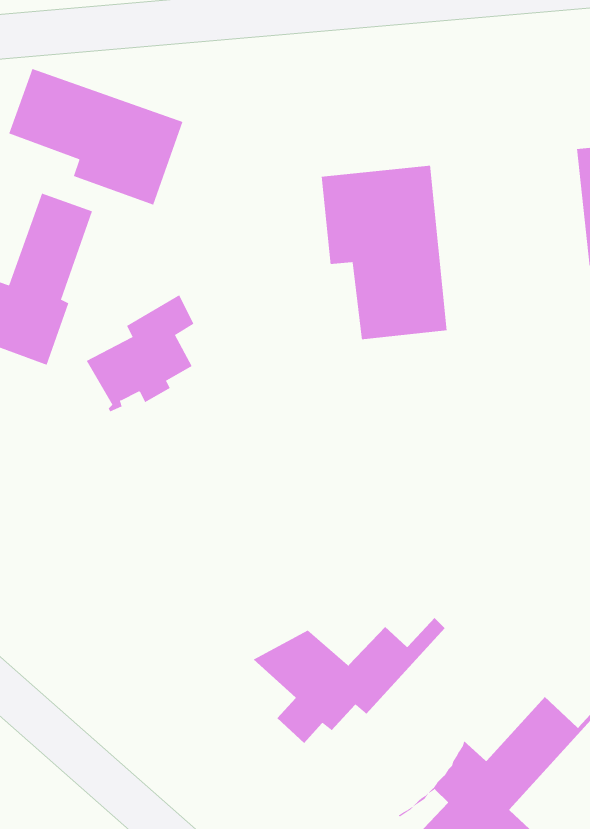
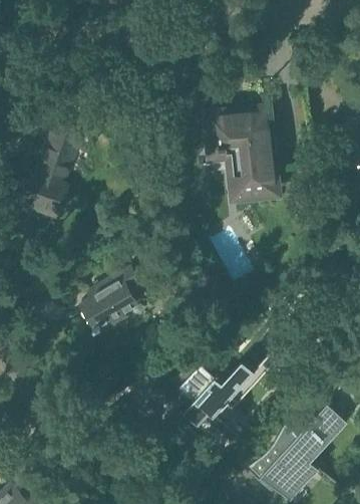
building: [8,68,183,205] -> none
building: [86,295,194,412] -> [80,266,139,330]

